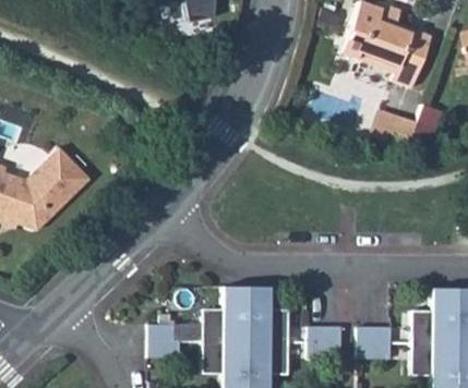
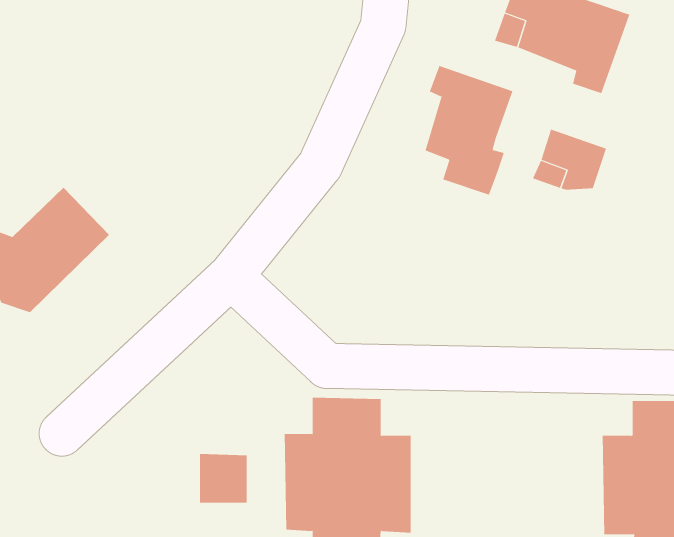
building: none -> [425,65,513,196]
building: [311,325,343,357] -> none
building: [359,325,392,357] -> none

